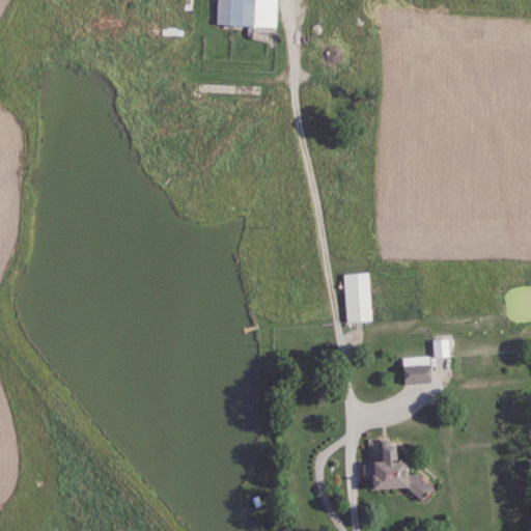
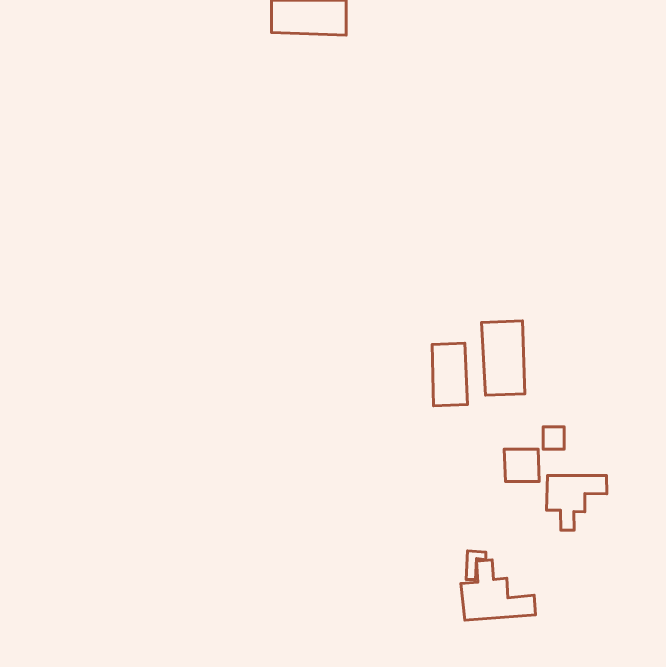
building: none -> [481,321,525,395]
building: none -> [546,475,607,530]

